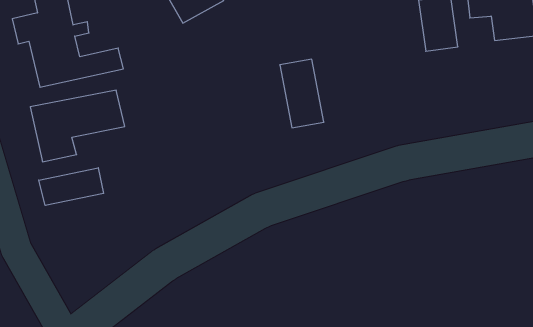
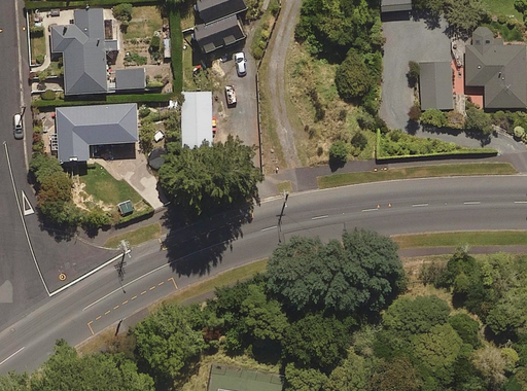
building: [280,59,324,128] -> [180,92,213,151]
building: [39,168,104,205] -> none

